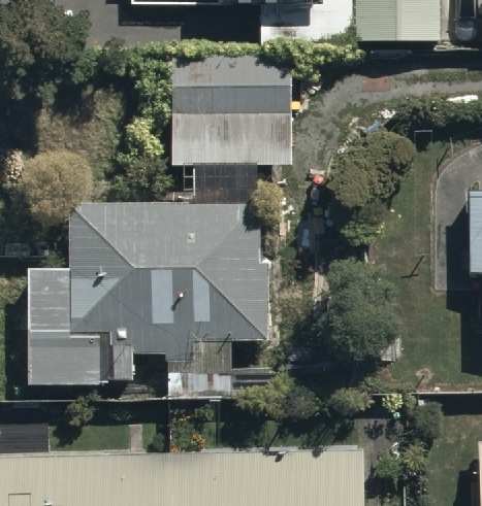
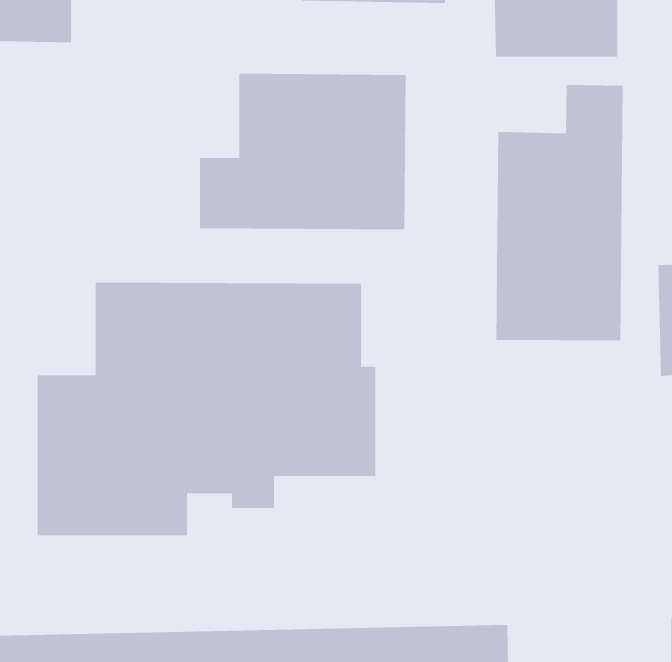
building: none -> [496,84,623,341]

